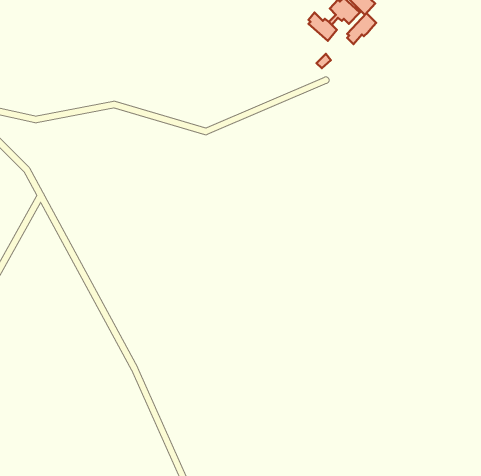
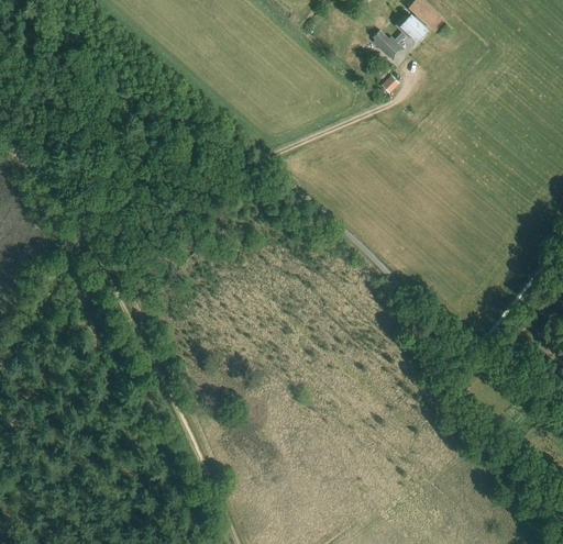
building: [347,13,376,44] -> none

